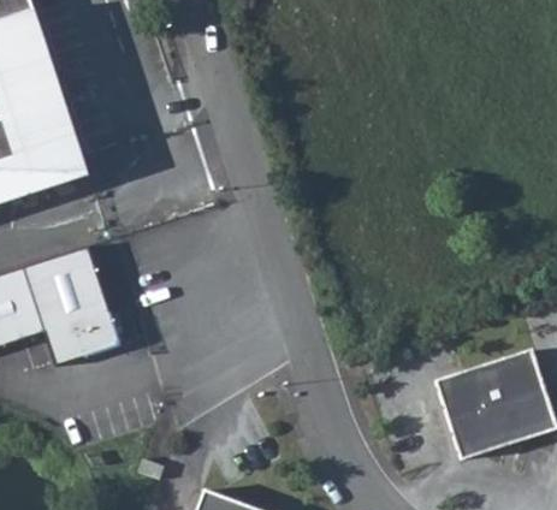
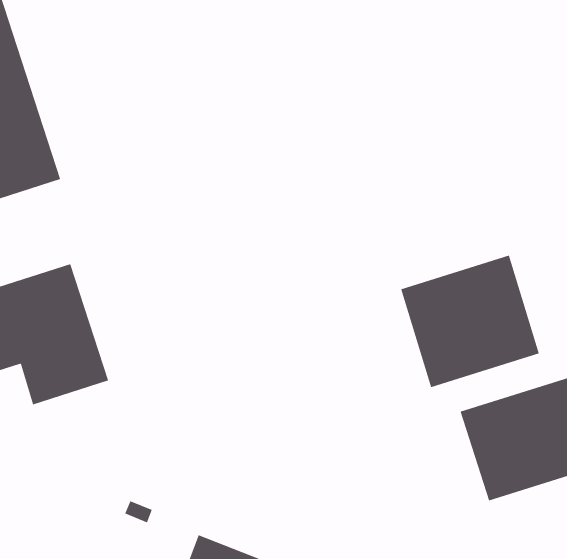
building: none -> [400,255,540,388]

